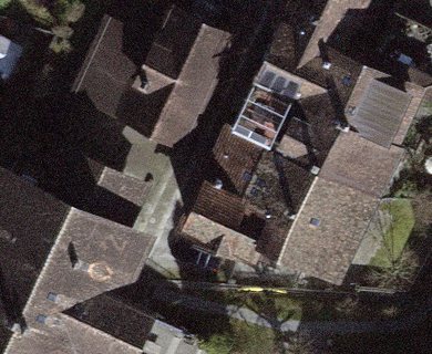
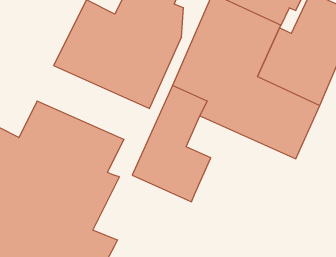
building: [239,164,372,289] -> none

